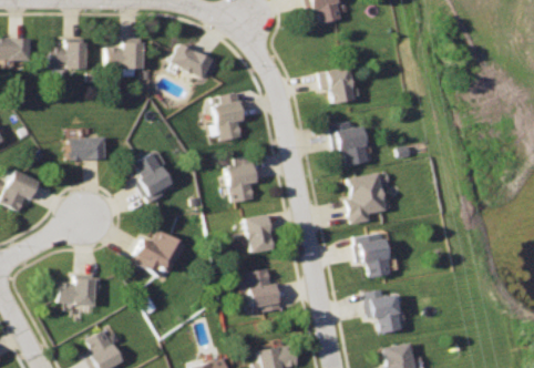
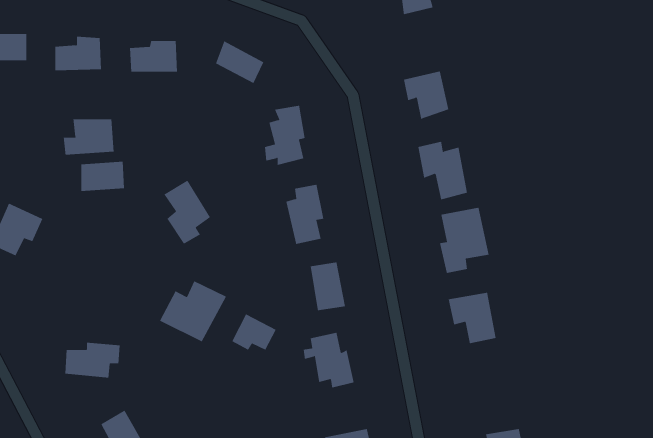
building: none -> [63,118,114,155]
building: none -> [231,314,276,351]
building: [367,293,402,331] -> none

